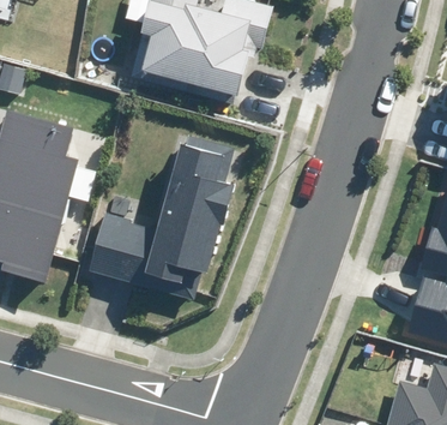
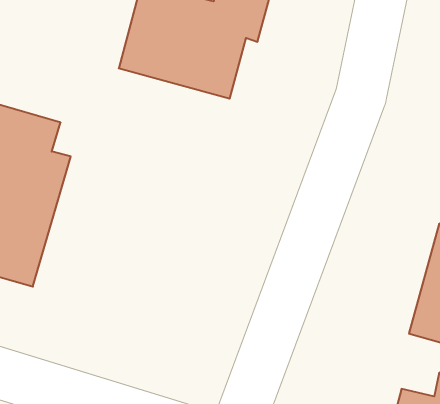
building: [90,134,234,300] -> none

